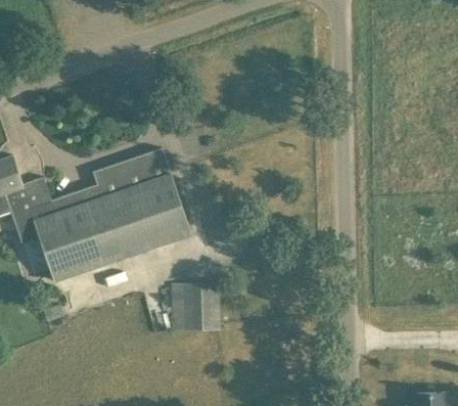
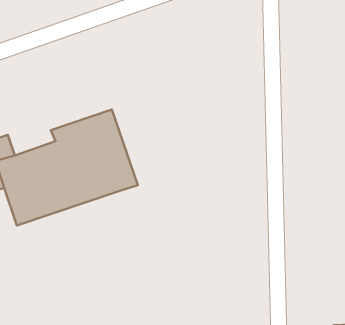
building: [171,284,219,332] -> none

